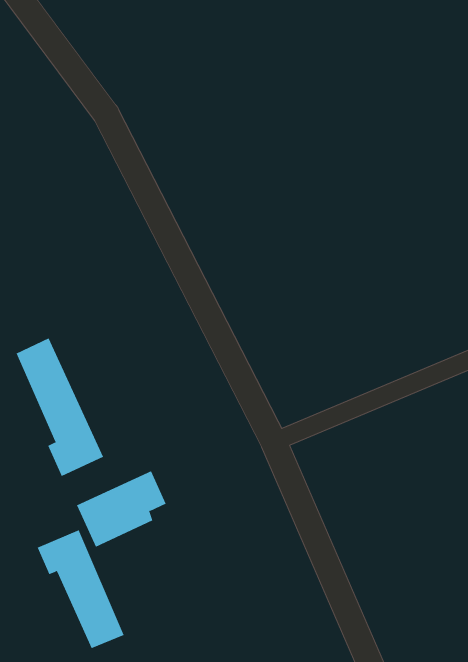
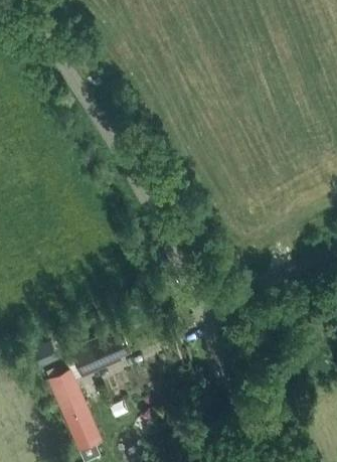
building: [16,337,104,477] -> none

